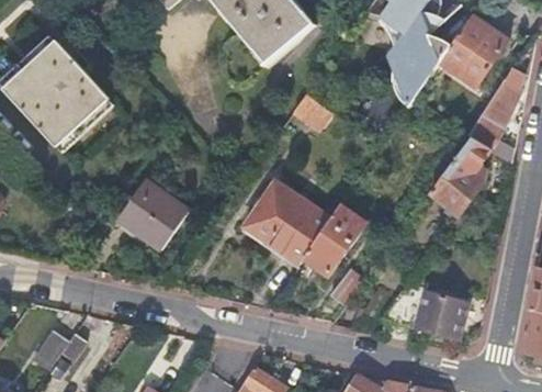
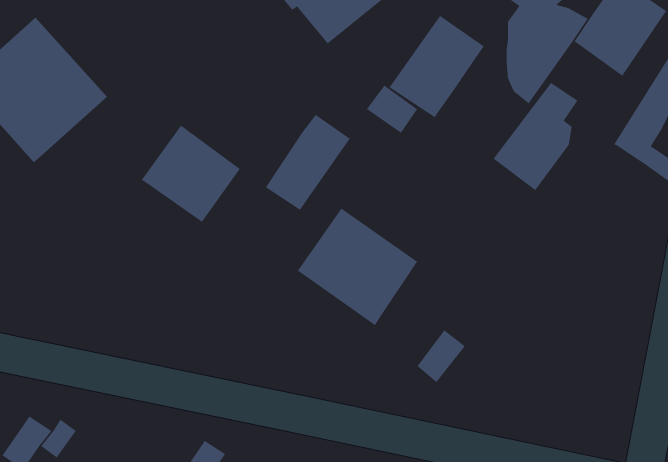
building: none -> [388,15,485,118]
building: [430,137,492,215] -> [492,82,579,191]
building: [115,179,187,249] -> [141,124,241,223]
building: [304,206,365,276] -> [265,114,351,211]
building: [382,285,468,338] -> none

